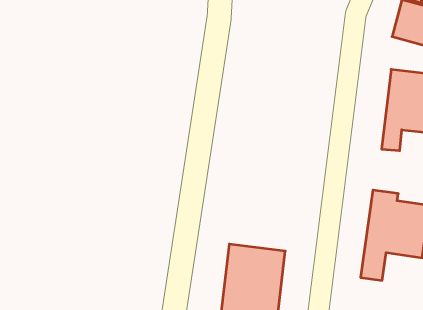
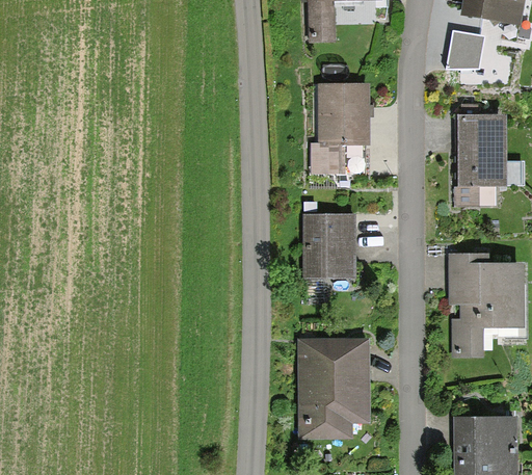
building: none -> [315,84,368,169]
building: none -> [304,214,354,279]

